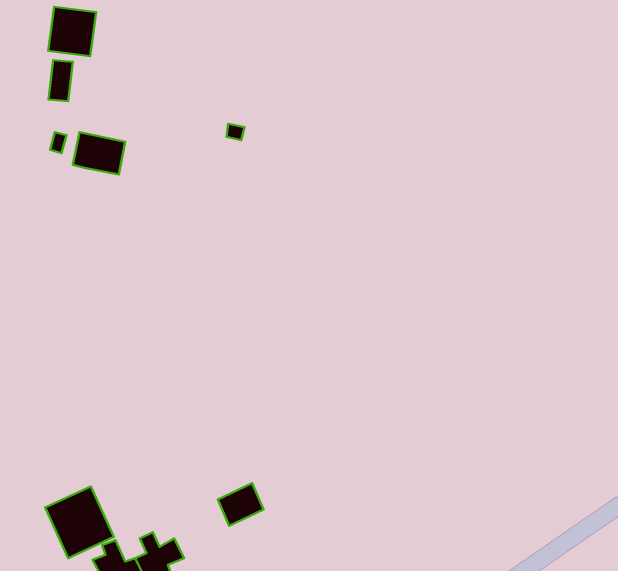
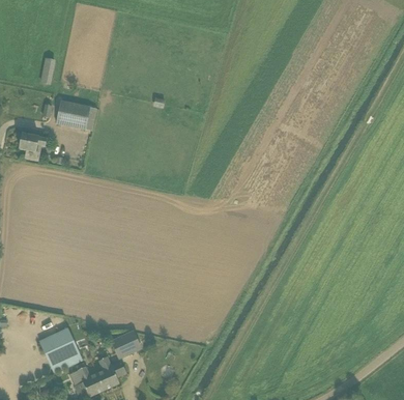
building: [48,7,96,56] -> none
building: none -> [19,133,45,160]
building: [218,483,263,526] -> [111,330,140,356]

